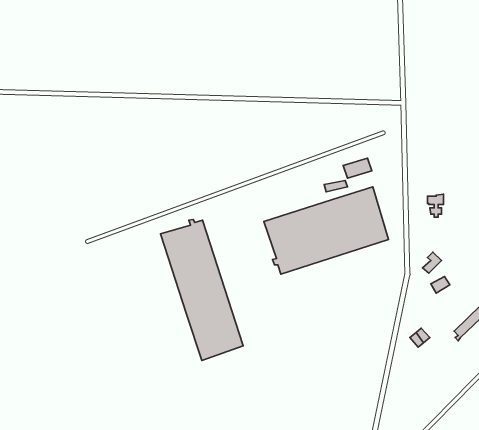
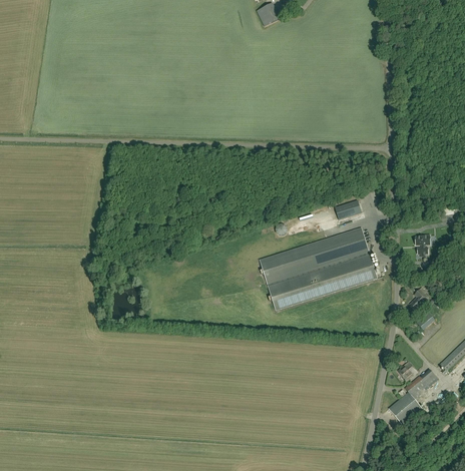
building: [160,219,243,361] -> none
building: none -> [389,369,438,423]

